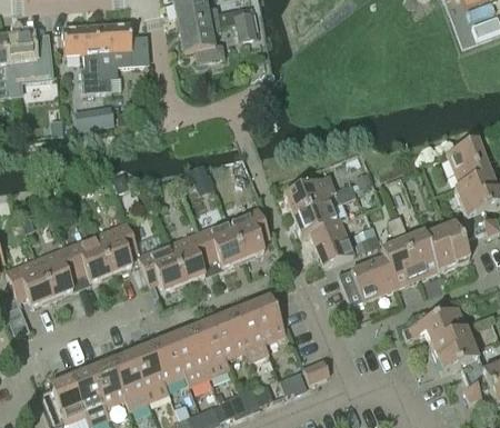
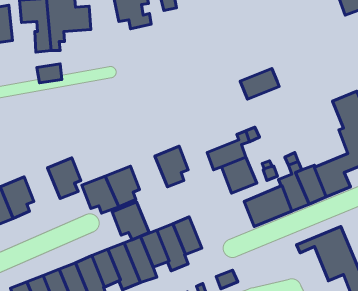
building: [284,177,332,215] -> [240,68,279,99]
building: [199,219,244,266] -> [112,202,149,240]
building: [68,233,112,279] -> none

